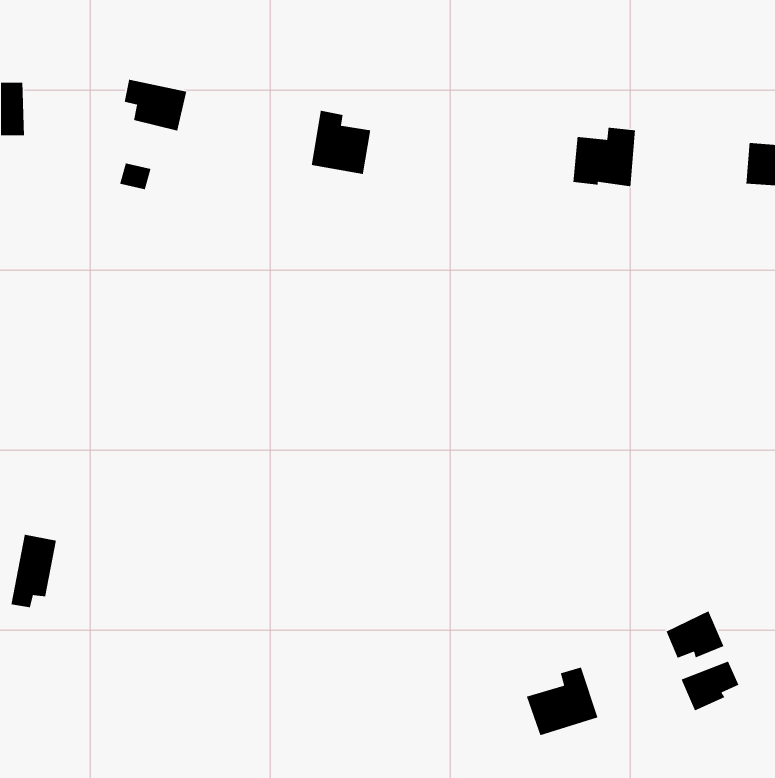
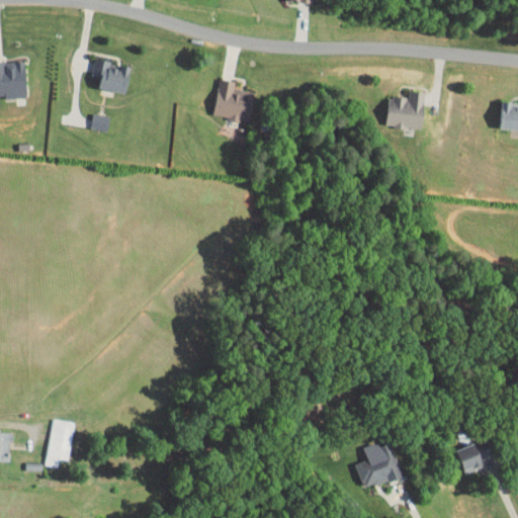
building: [10,534,57,608] -> [42,420,73,468]
building: [665,610,724,659] -> none

